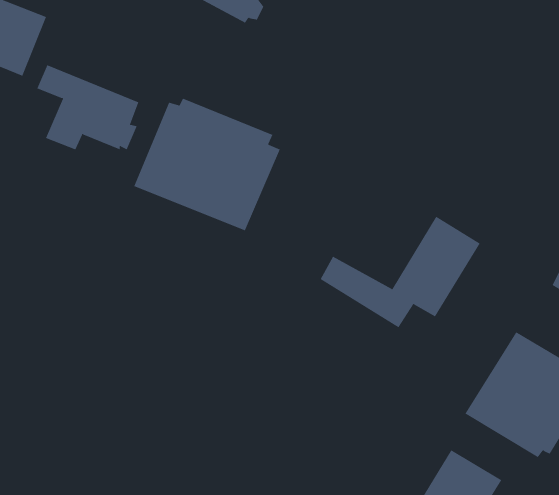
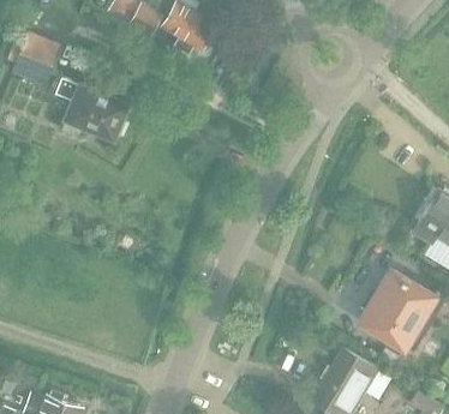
building: [133,98,280,231] -> none
building: [320,216,480,328] -> none

